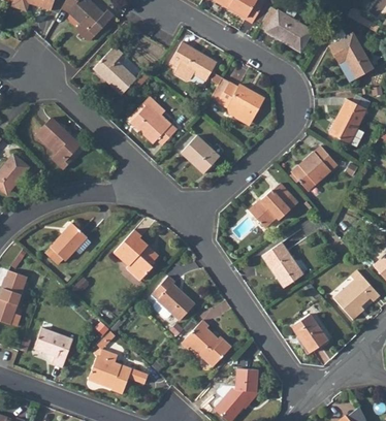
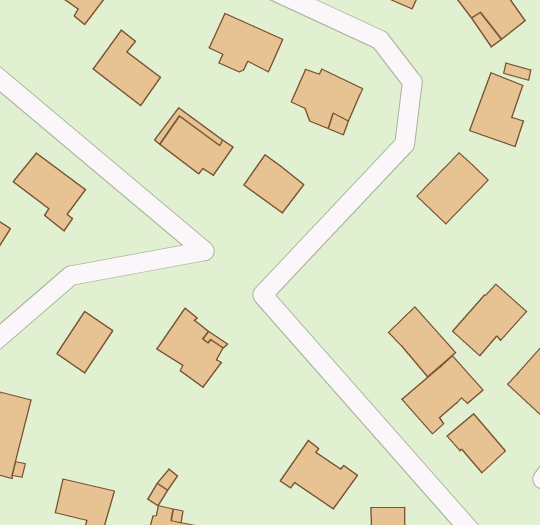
building: [248,184,296,228] -> [453,284,527,356]
building: [149,276,196,320] -> none
building: none -> [402,356,483,434]

